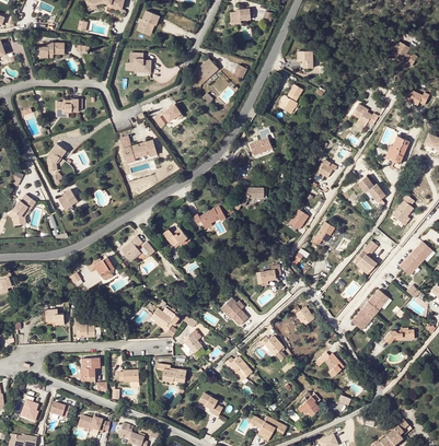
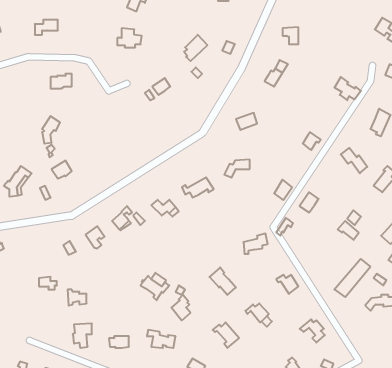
building: [120,133,158,162] -> none

